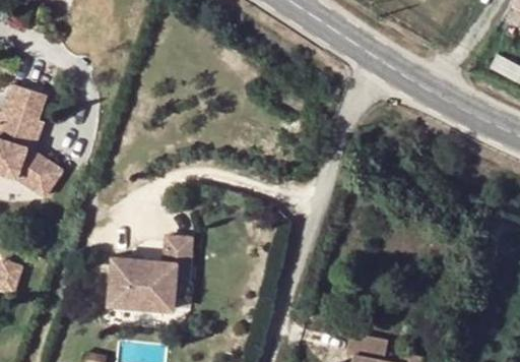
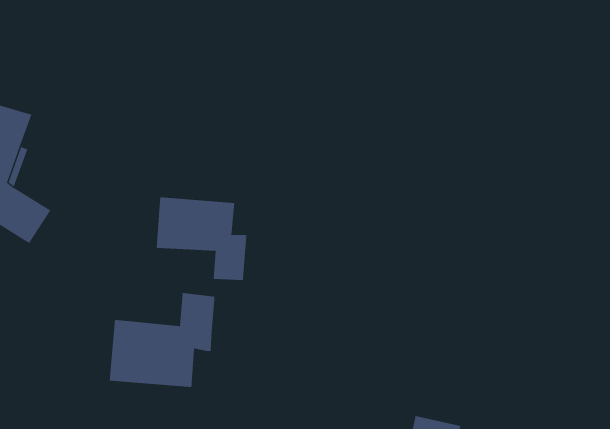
building: none -> [156,197,247,281]

